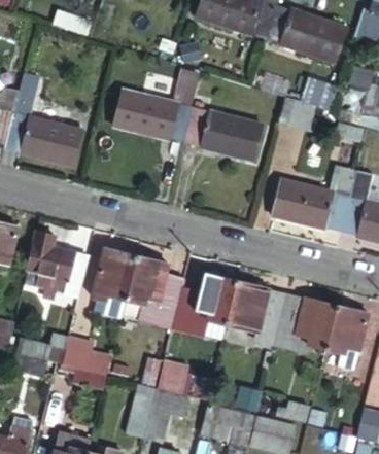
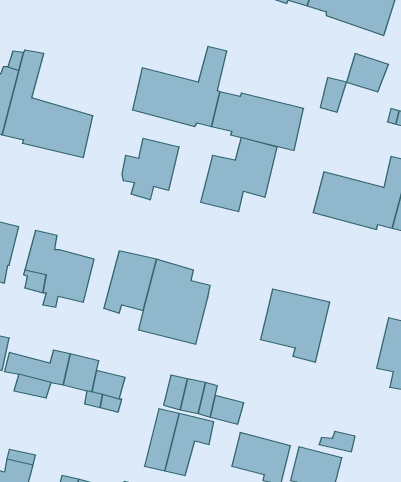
building: none -> [122,138,179,200]
building: [170,272,236,336] -> [201,138,277,212]
building: [273,291,336,351] -> none

